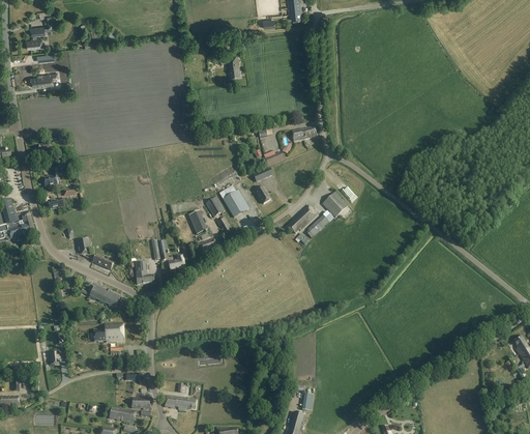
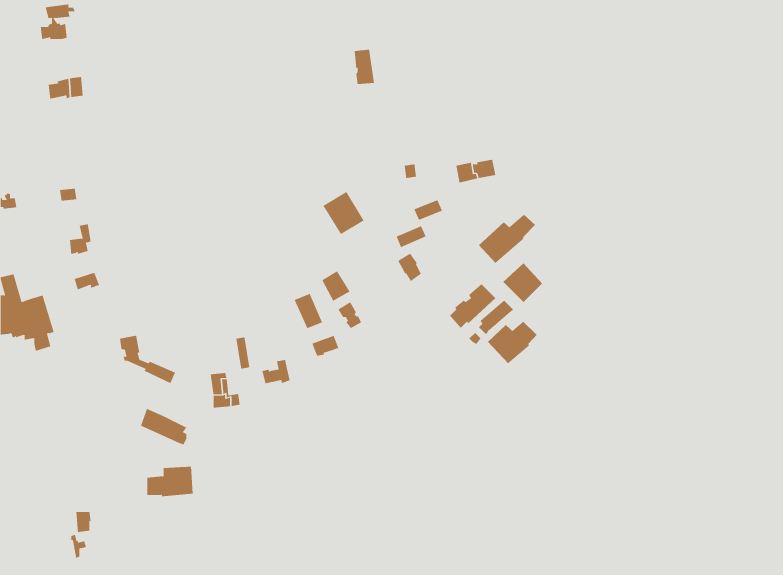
building: none -> [478,214,536,264]
building: [223,189,249,216] -> [323,191,365,235]
building: none -> [487,321,538,364]

